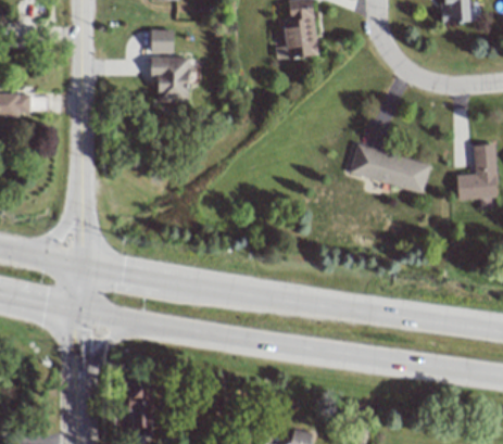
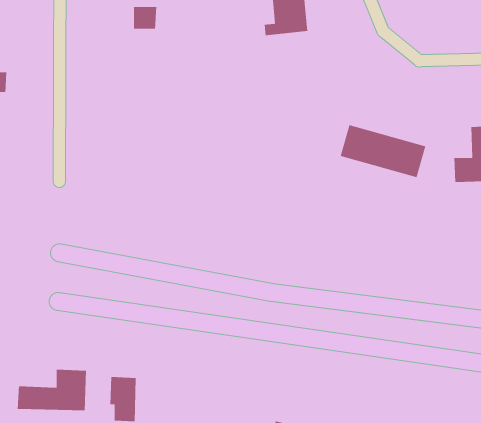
building: [151,58,190,101] -> none
building: none -> [17,369,87,411]

